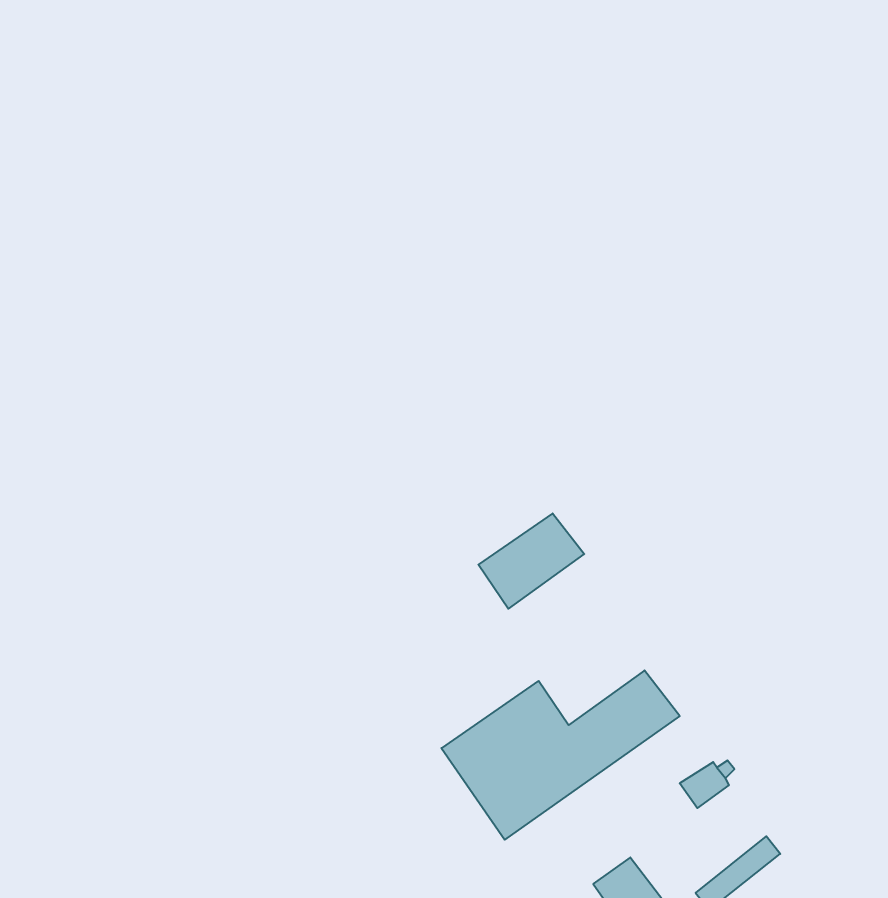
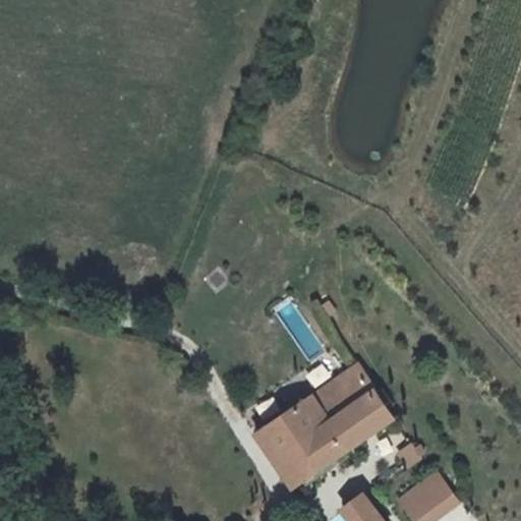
building: [478,513,584,609] -> [310,365,371,420]

